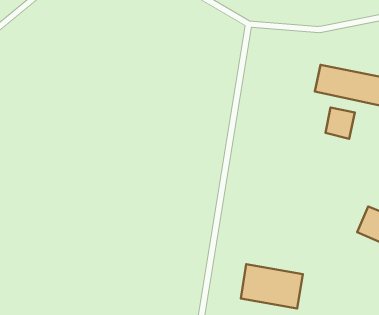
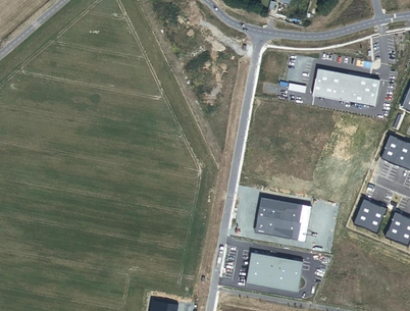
building: [326,108,355,139] -> none
building: none -> [256,197,311,240]

